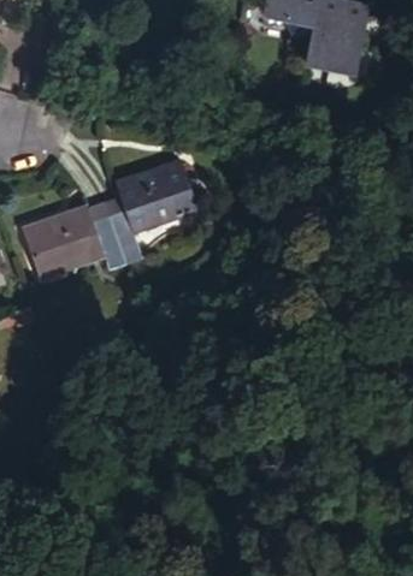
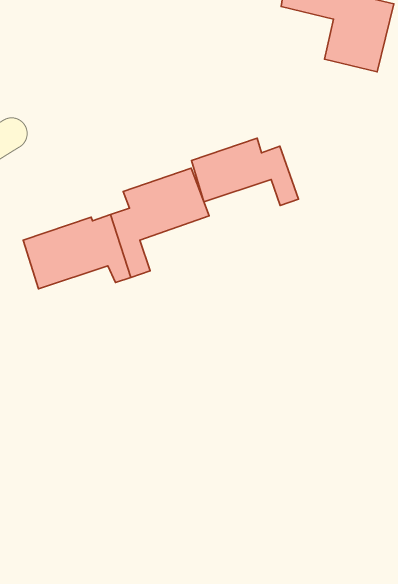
building: none -> [192,138,299,206]

